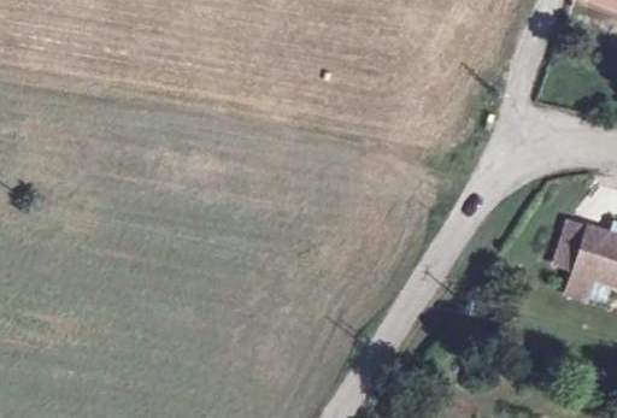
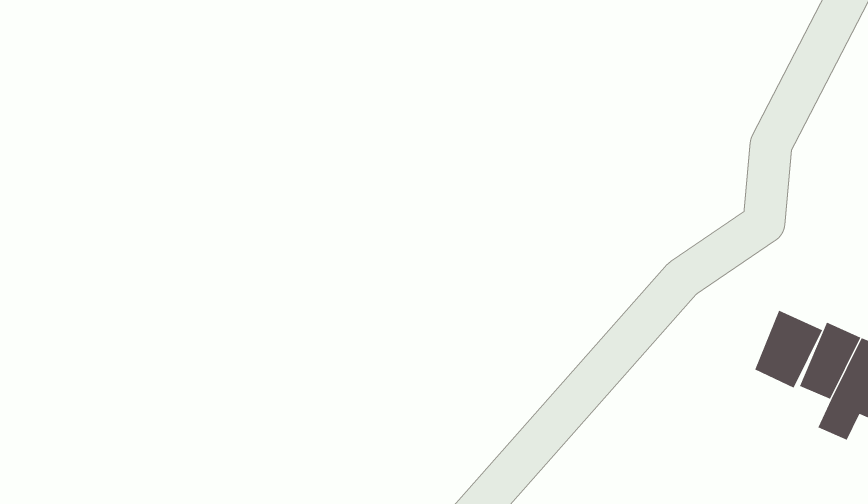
building: none -> [755,310,823,388]

